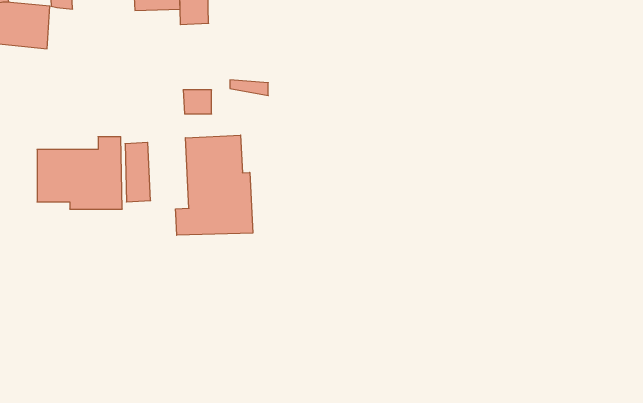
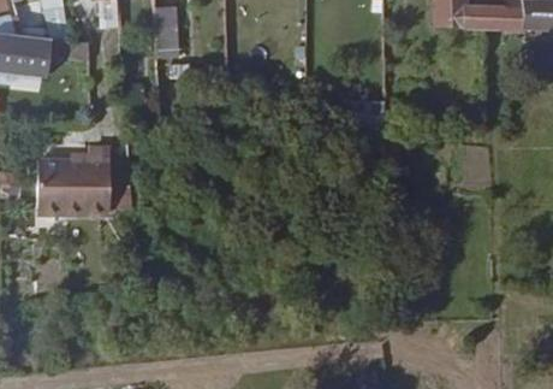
building: [176,135,253,235] -> none

